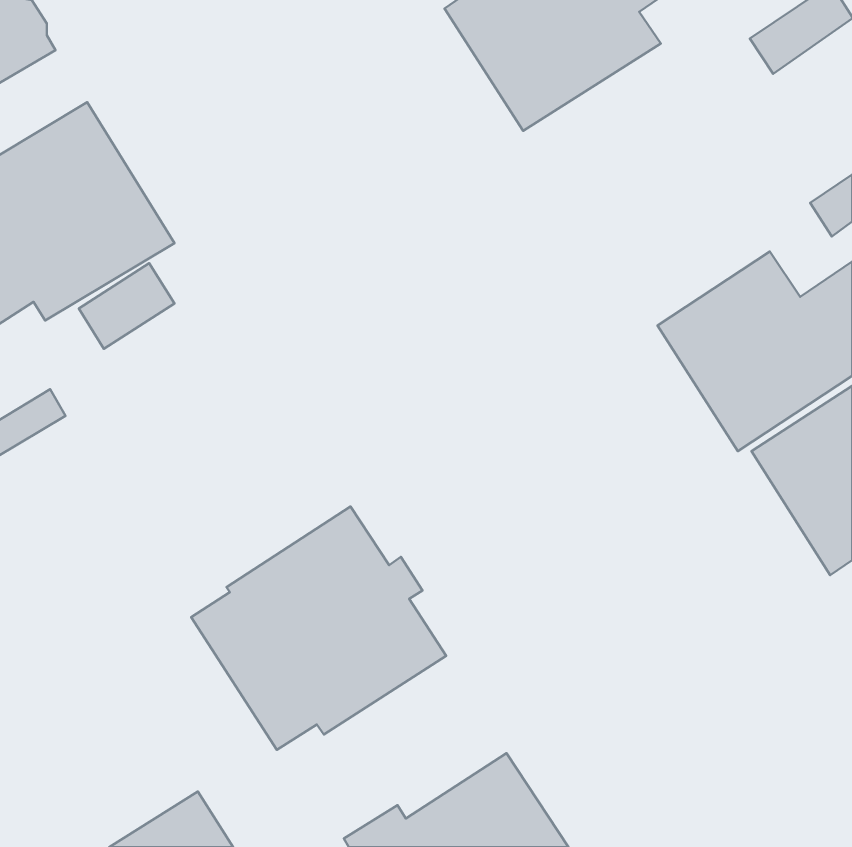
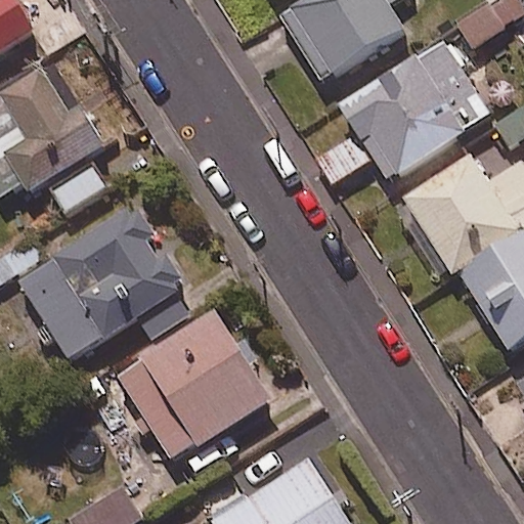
building: none -> [315,38,480,182]
building: none -> [20,209,187,361]

